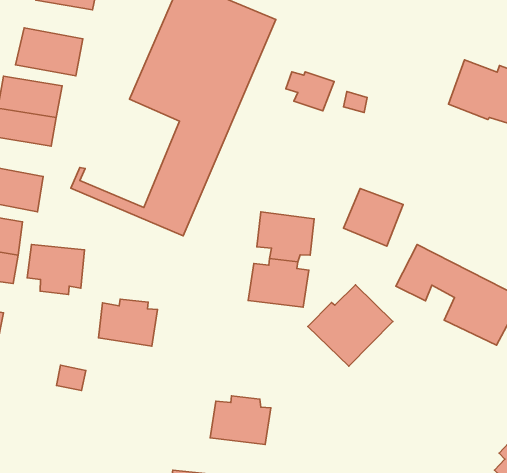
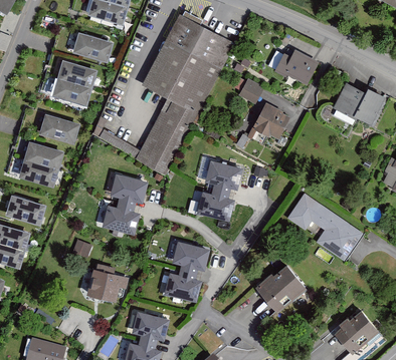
building: none -> [274,48,319,85]
building: [344,188,403,246] -> [253,102,291,139]
building: [27,245,85,294] -> [111,173,148,207]
building: [308,285,393,366] -> [254,264,307,313]
building: none -> [172,240,210,274]
building: none -> [86,268,129,301]

